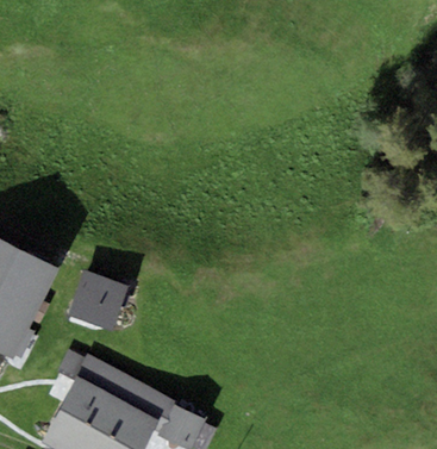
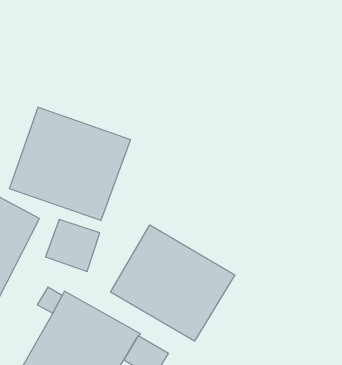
building: none -> [10,107,130,221]
building: none -> [110,225,235,341]

